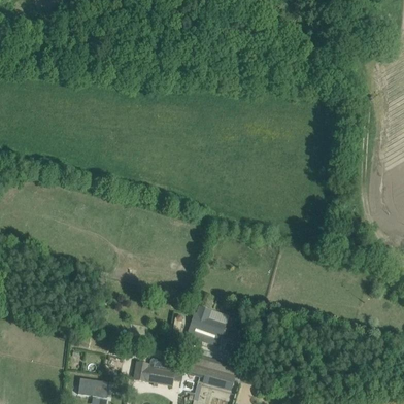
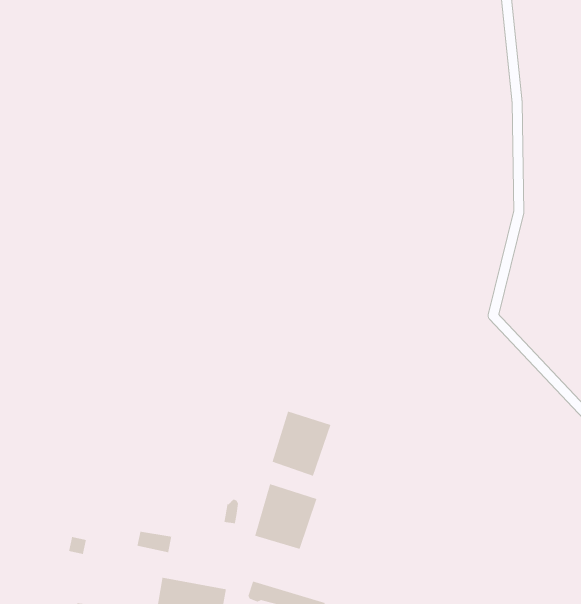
building: none -> [272,410,332,477]

